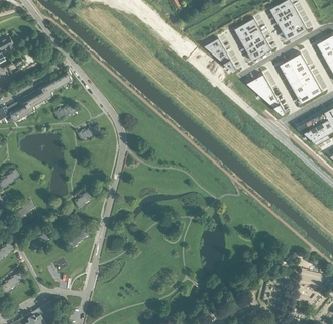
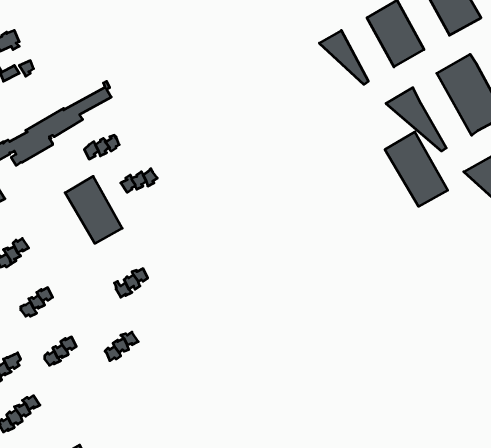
building: none -> [385,132,448,206]
building: none -> [65,176,122,243]

